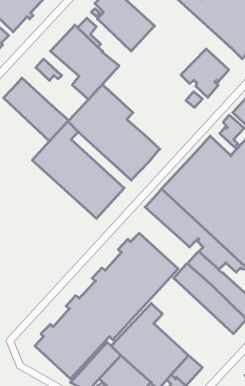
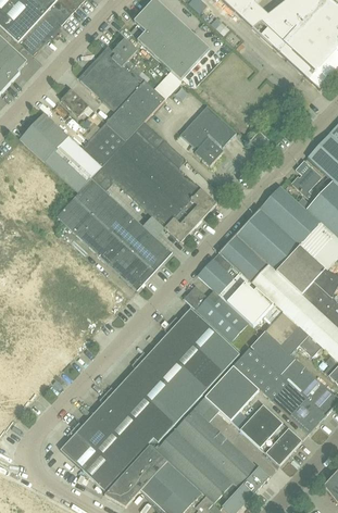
building: [181,49,229,97] -> [176,105,236,166]
building: none -> [82,113,127,166]
building: none -> [184,285,248,340]
building: none -> [205,365,259,420]
building: none -> [240,404,302,465]

